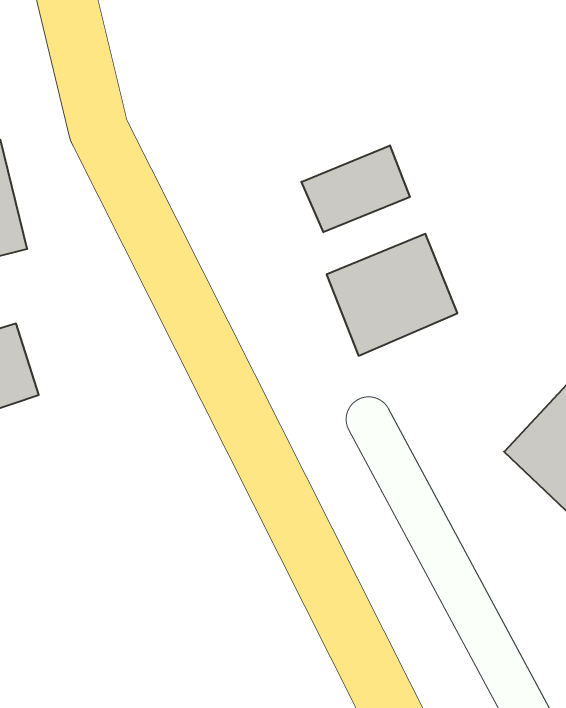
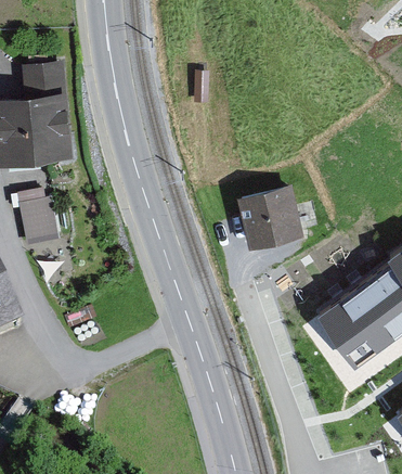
building: [301,145,410,232] -> none

